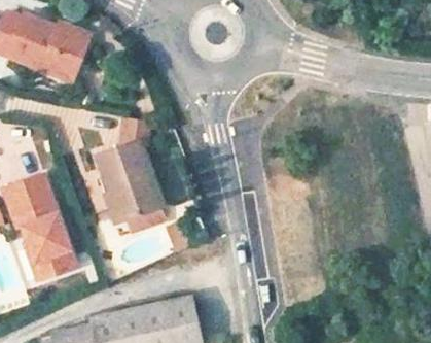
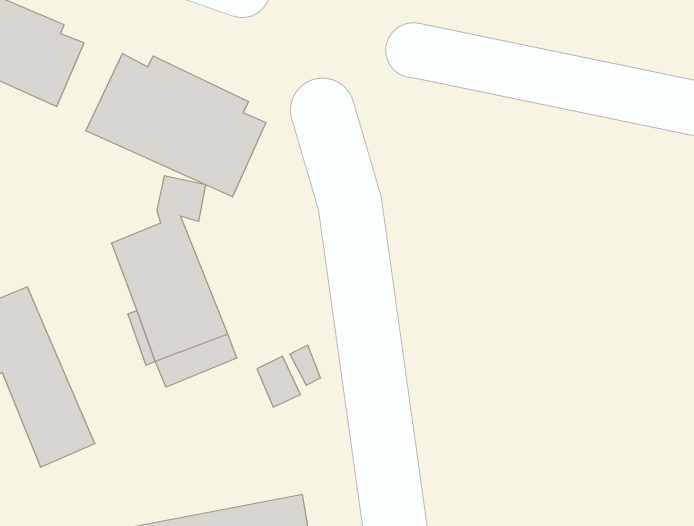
building: none -> [86,53,266,197]

